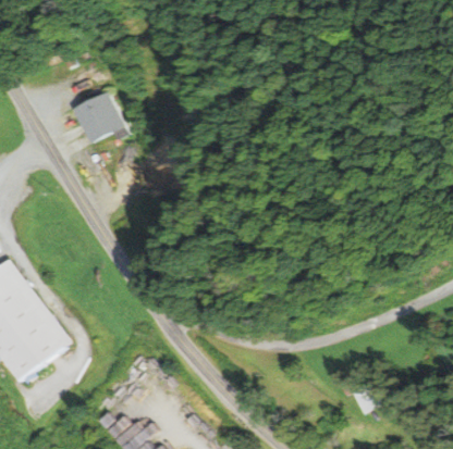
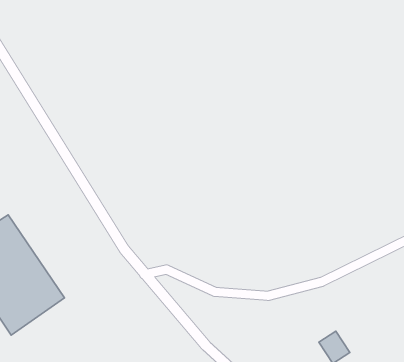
building: [79,89,139,142] -> none

